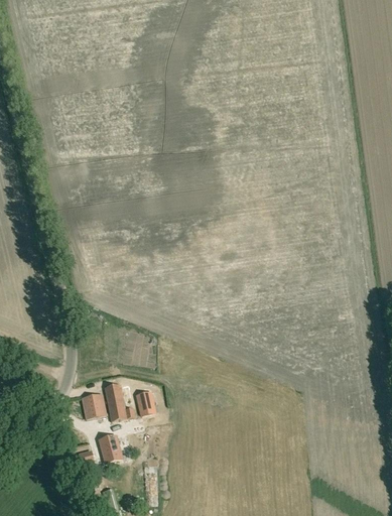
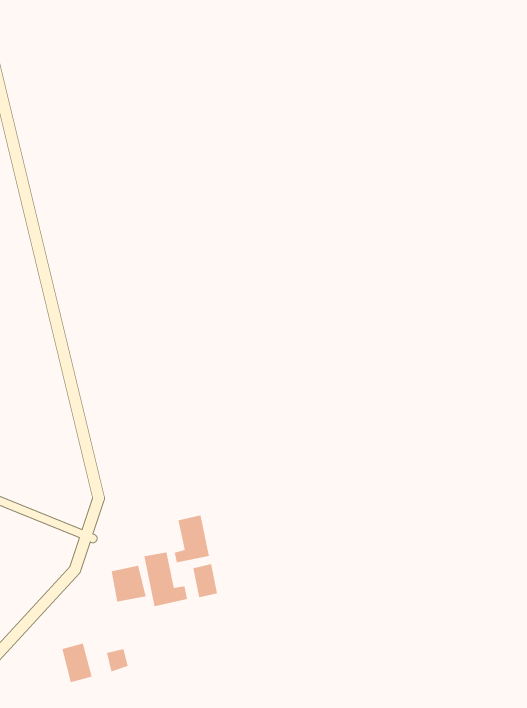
building: none -> [174,515,210,563]
building: [100,435,121,463] -> [61,643,93,683]

